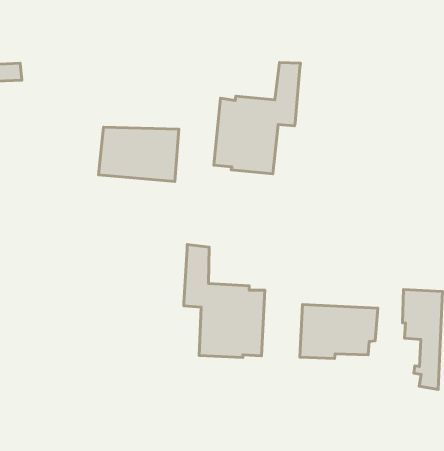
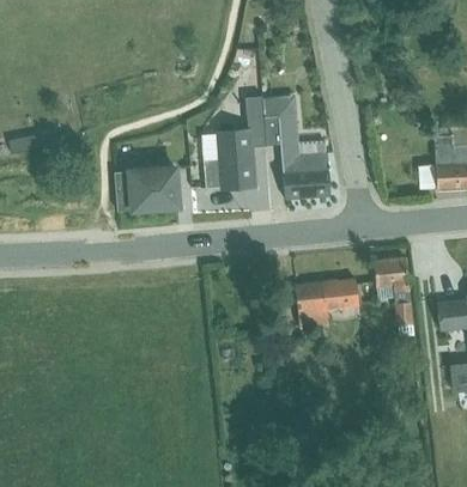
building: none -> [262,97,330,200]
building: [184,245,265,358] -> none

